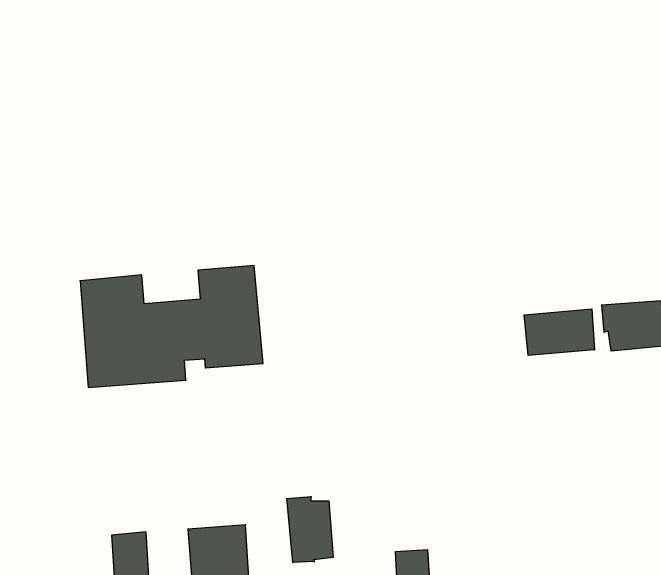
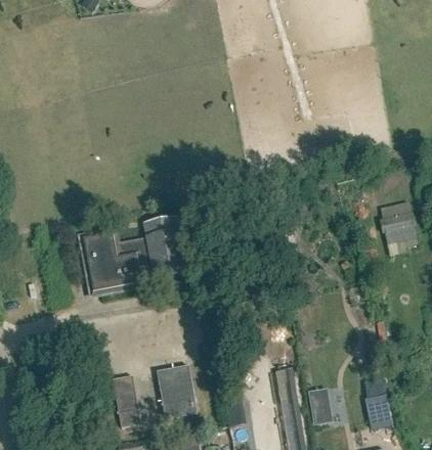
building: [524,309,594,355] -> none
building: [287,497,333,563] -> none

